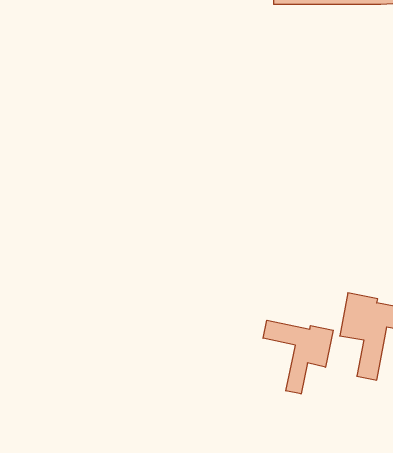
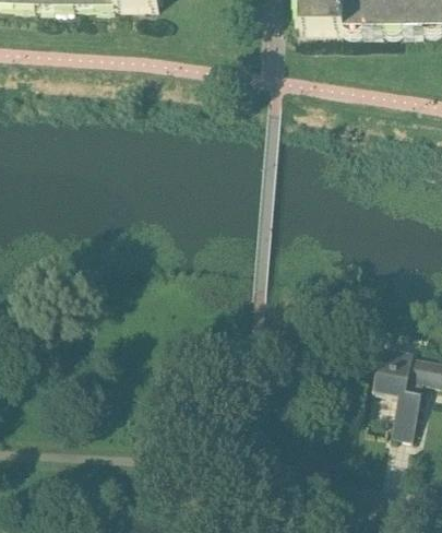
building: [263,320,333,394] -> none

